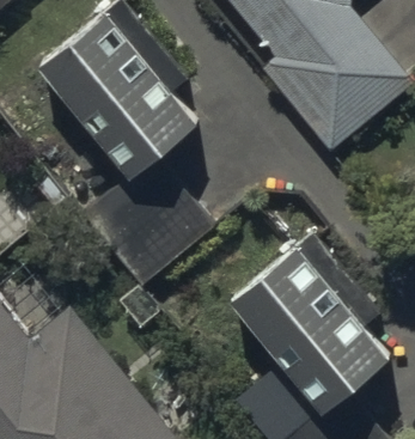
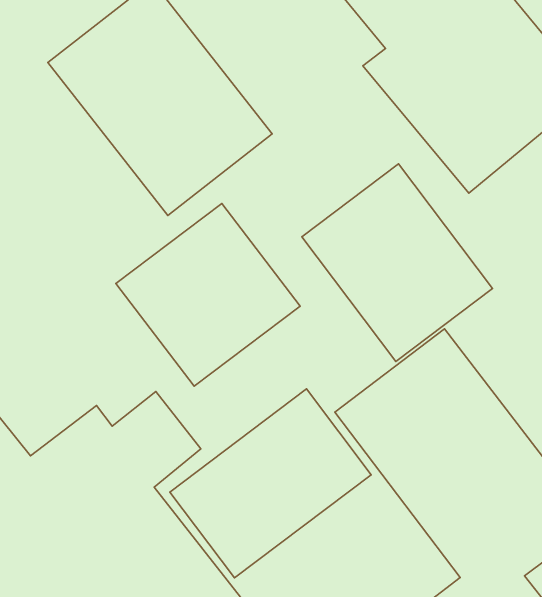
building: none -> [302,164,493,361]
building: none -> [170,389,371,578]

